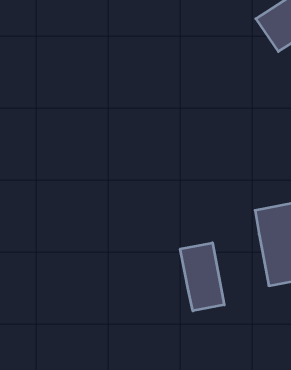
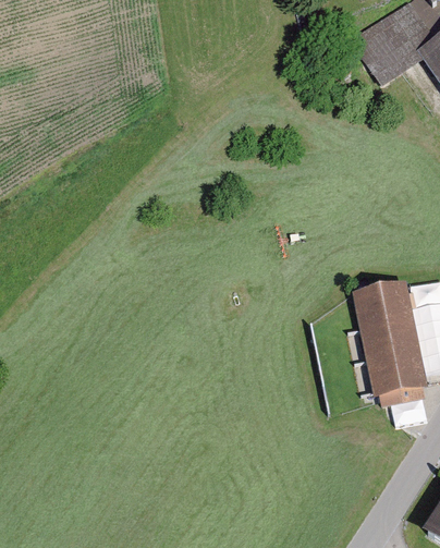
building: [180,243,224,311] -> none

